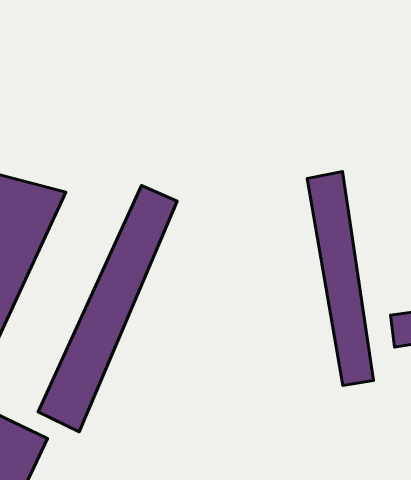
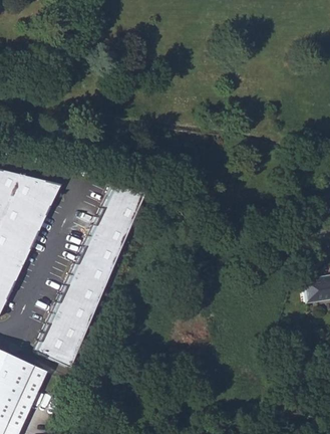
building: [307,172,373,385] -> none

